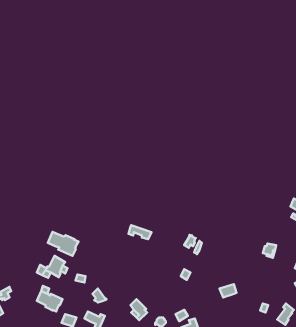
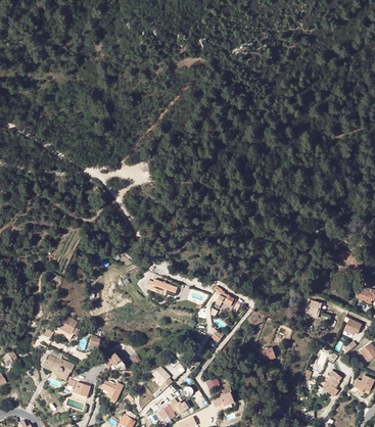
building: [48,232,78,256] -> none

